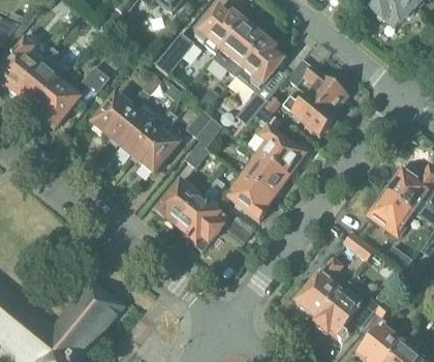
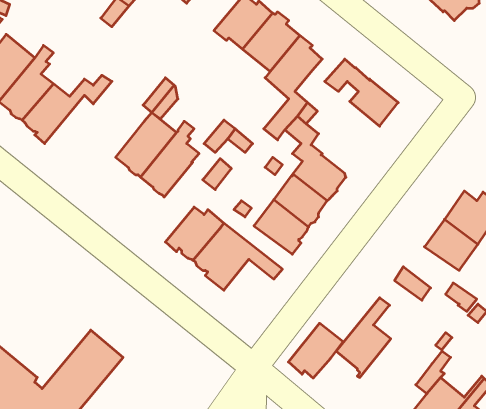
building: [156,32,194,74] -> none
building: [92,93,136,140] -> none
building: [283,93,336,135] -> none
building: [315,291,361,336] -> [288,323,343,378]

